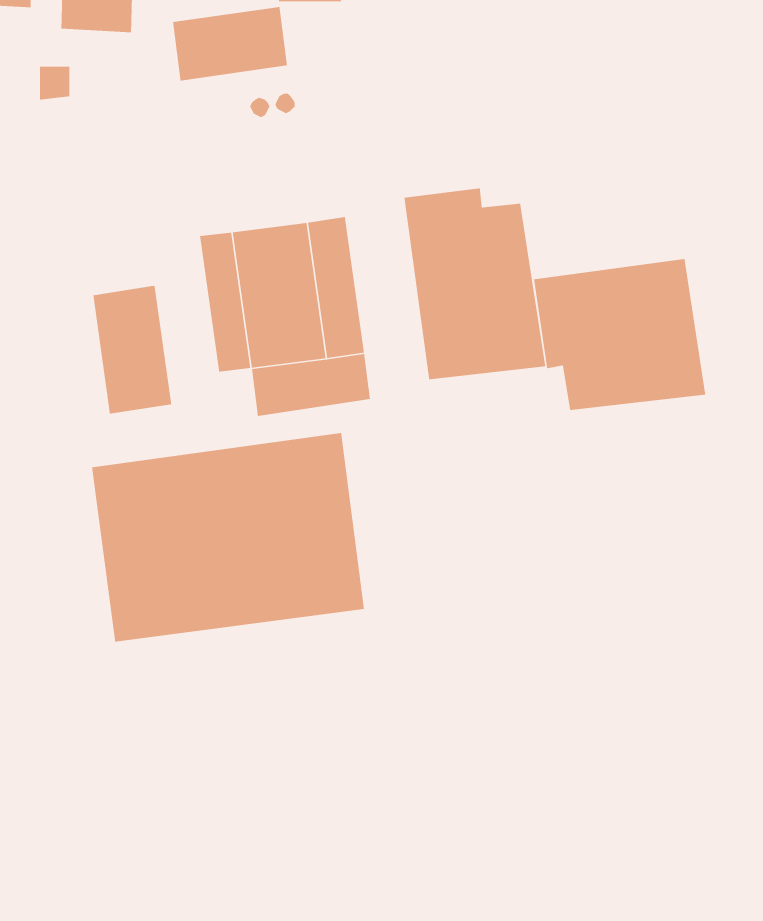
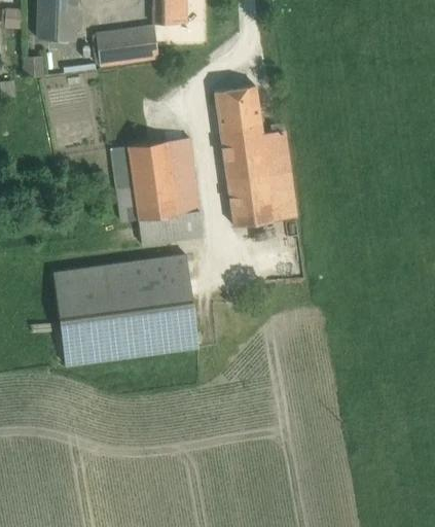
building: none -> [215,86,261,128]
building: [533,258,706,411] -> none
building: [92,285,172,415] -> none

